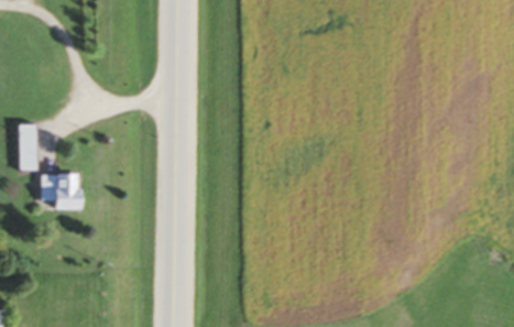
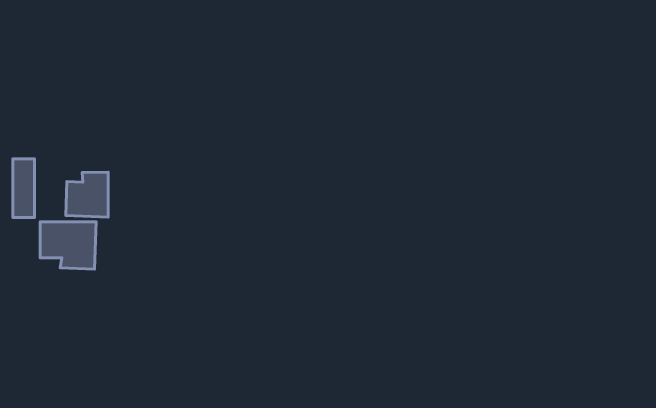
building: none -> [66,172,108,217]

